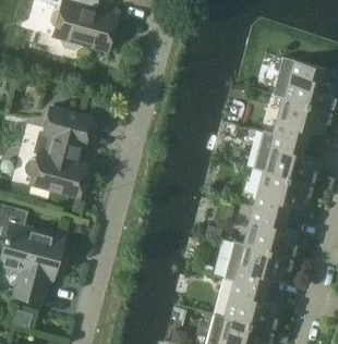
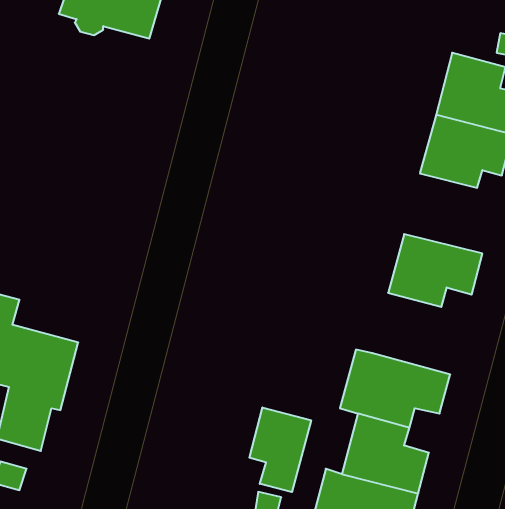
building: [27,107,89,196] -> none
building: [249,130,315,183] -> none
building: [241,207,295,257] -> none
building: none -> [249,407,311,492]

